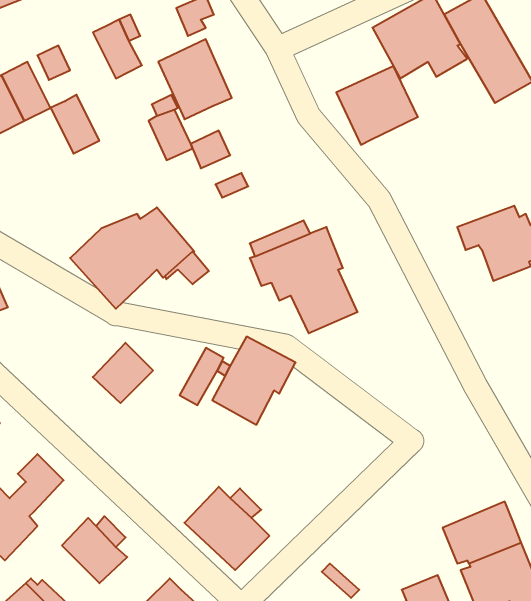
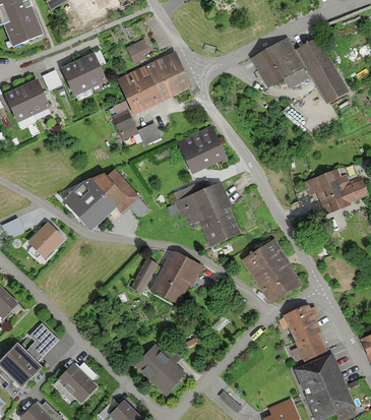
building: none -> [146,52,191,101]
building: [336,66,418,145] -> [176,125,227,174]
building: [50,95,99,154] -> [60,60,90,97]
building: none -> [241,238,302,304]
building: [93,343,153,403] -> [26,221,64,258]
building: none -> [283,304,327,362]

